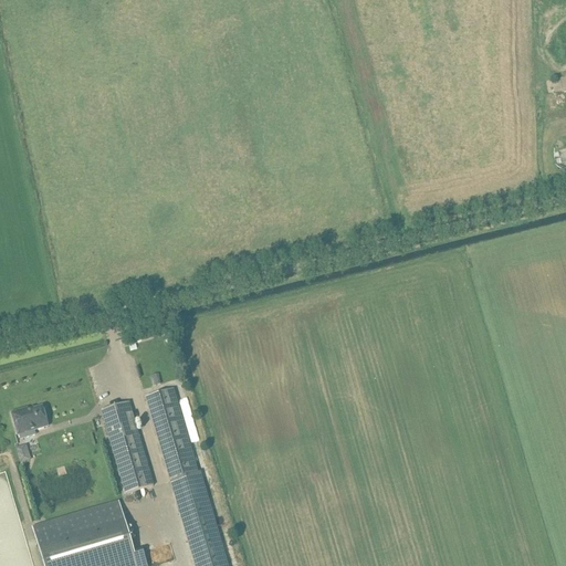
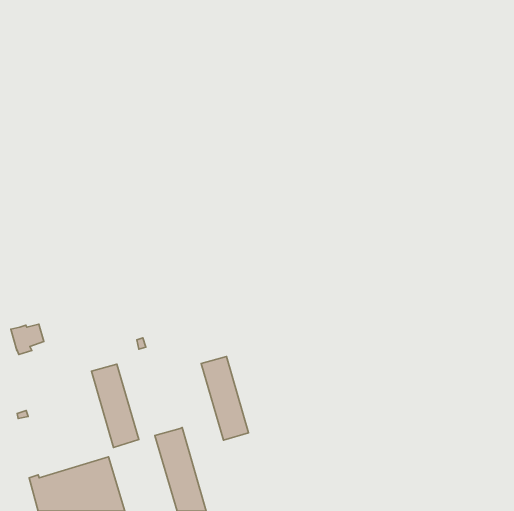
building: [146,387,198,479] -> [201,357,249,440]
building: [11,405,48,438] -> [11,324,44,354]

